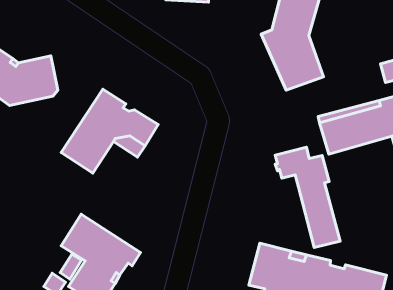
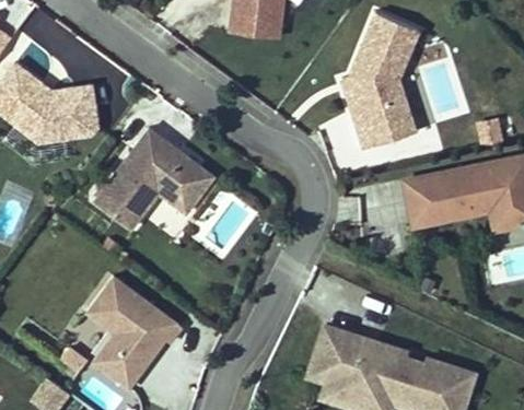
building: [275,147,340,247] -> none

